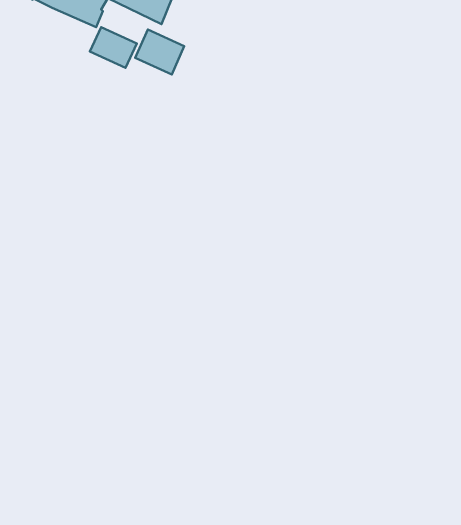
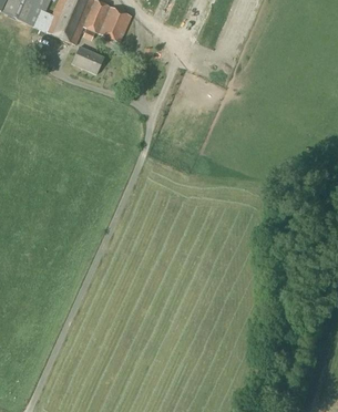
building: [135,30,184,74] -> none

